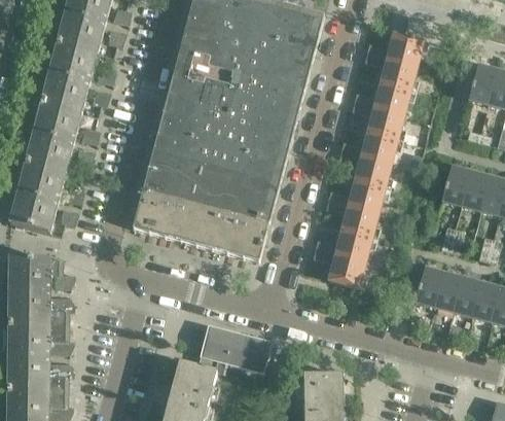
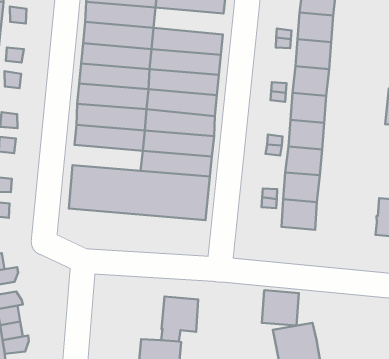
building: [241,54,309,90] -> none
building: [143,169,211,204] -> none
building: [231,334,270,372] -> [262,290,299,326]

